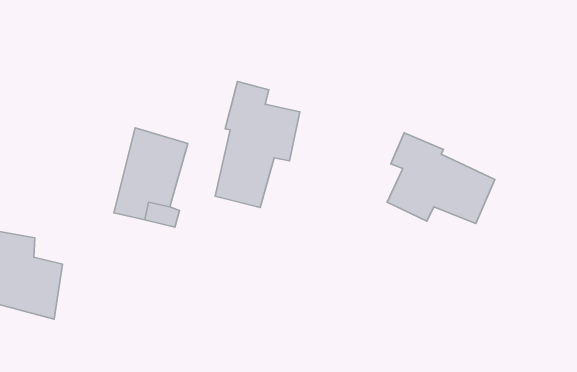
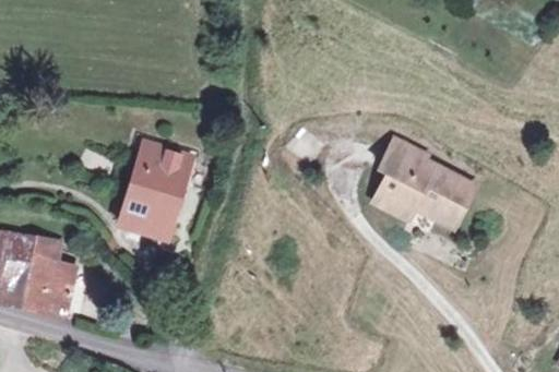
building: [215,81,300,208] -> none

